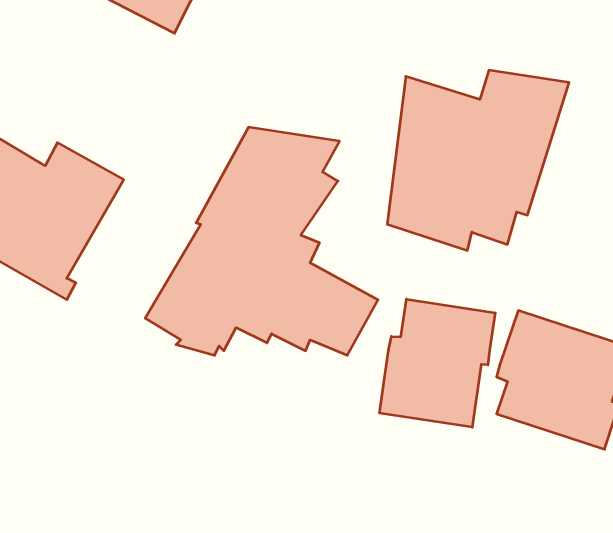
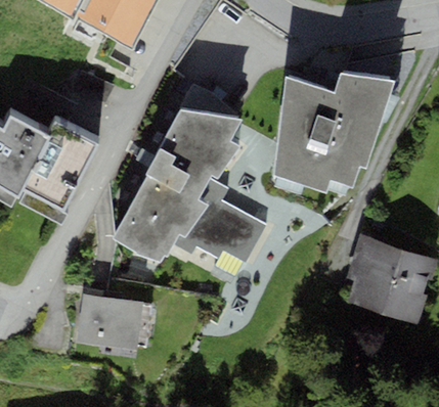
building: [380,299,495,427] -> none
building: none -> [75,292,150,349]

